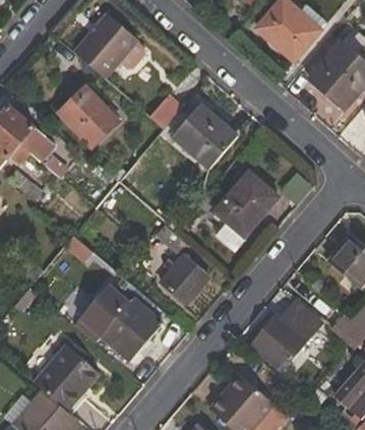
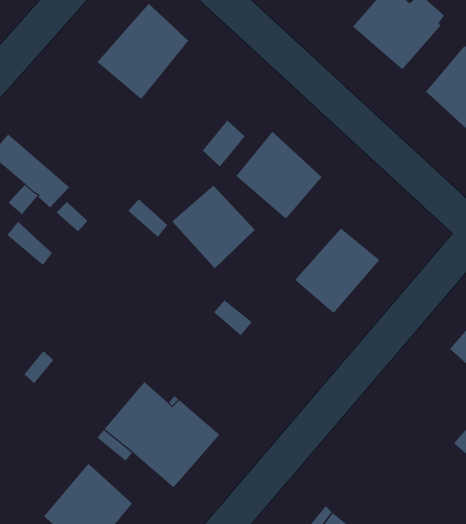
building: [59,87,120,148] -> [171,185,256,269]
building: [159,254,206,303] -> none
building: [251,299,321,371] -> none

